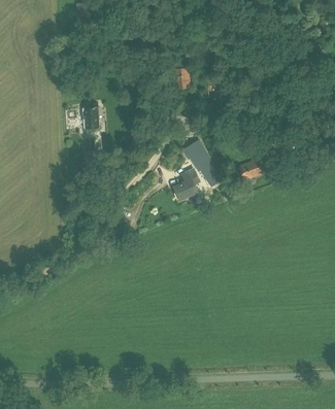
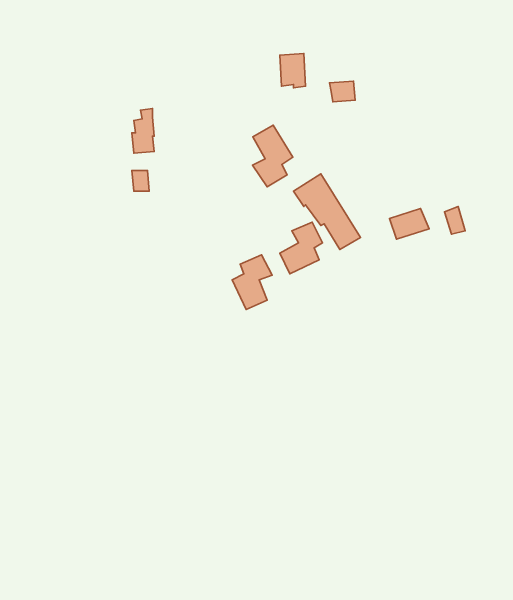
building: none -> [252,125,293,187]
building: none -> [232,255,272,310]

